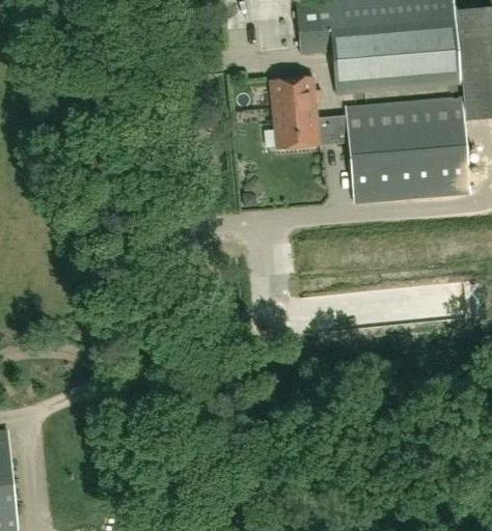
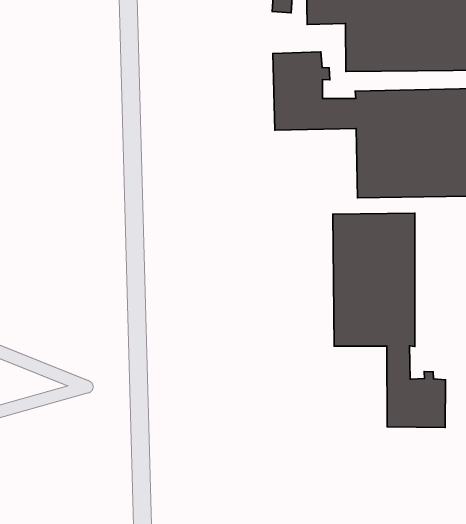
building: none -> [333,213,446,427]

